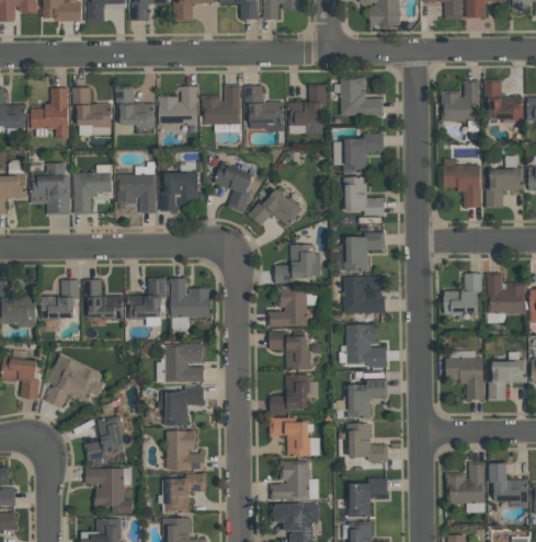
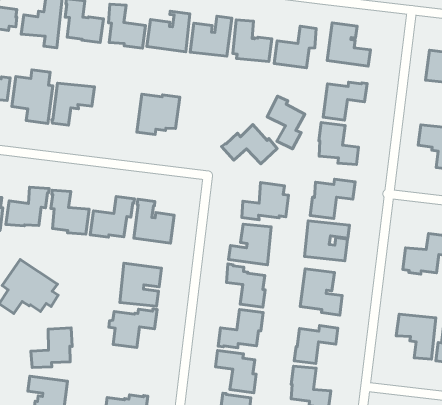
building: [215,161,252,211] -> [267,96,305,149]
building: [117,173,157,214] -> none
building: [167,430,206,470] -> none

